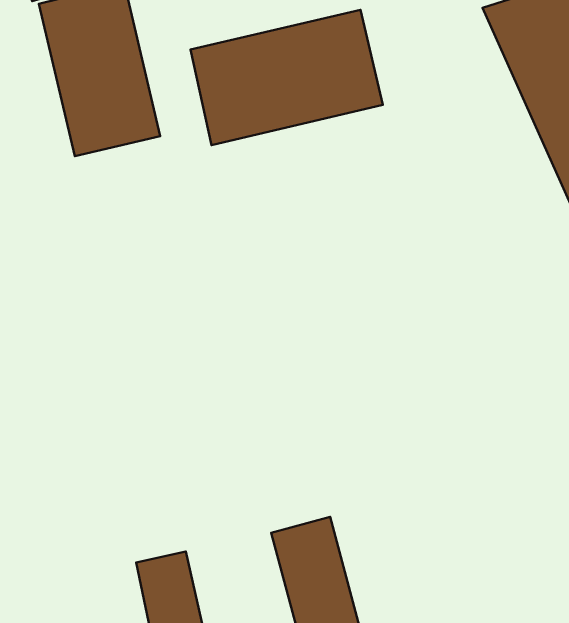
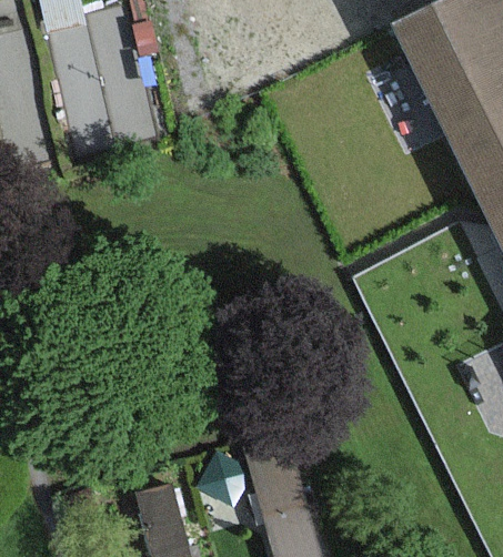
building: [190,10,383,145] -> none

